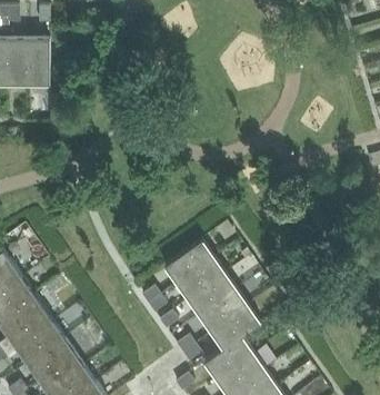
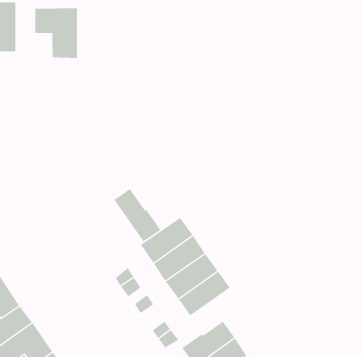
building: none -> [35,7,77,59]
building: none -> [114,188,161,242]
building: [212,306,262,350] -> none

